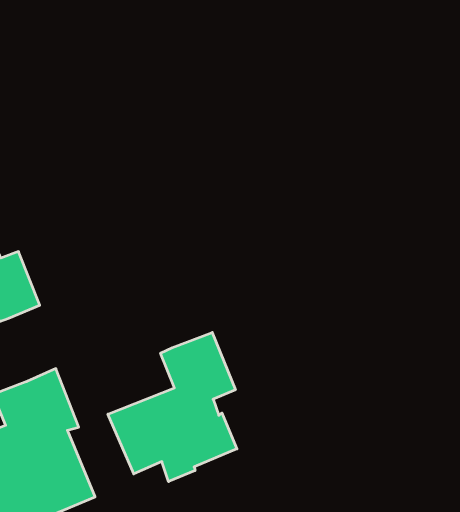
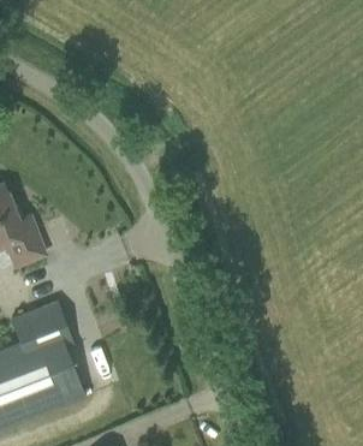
building: [108,332,237,482] -> none

